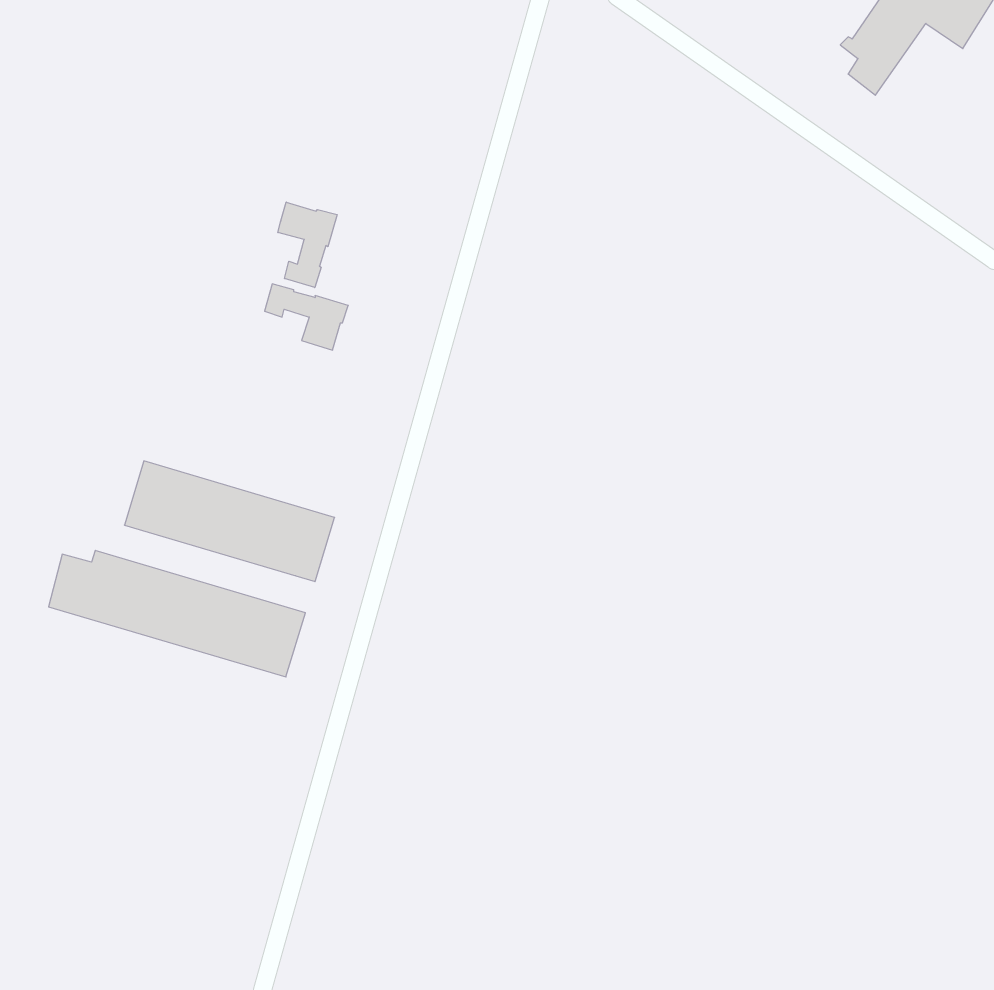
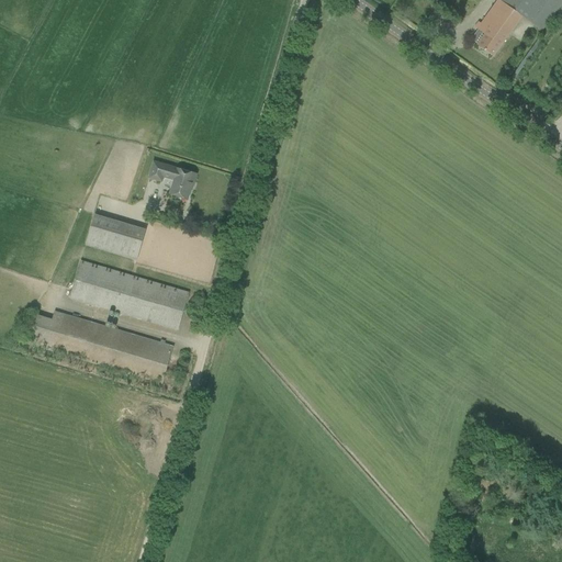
building: [278,202,337,288] -> none
building: none -> [86,213,145,258]

